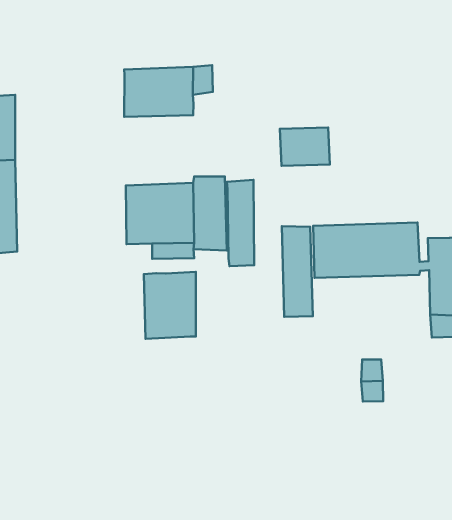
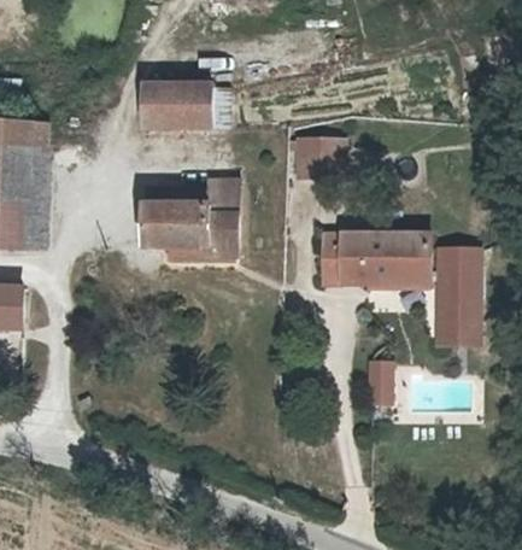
building: [227,180,254,266] -> none
building: [282,226,313,317] -> none
building: [144,272,196,339] -> none

